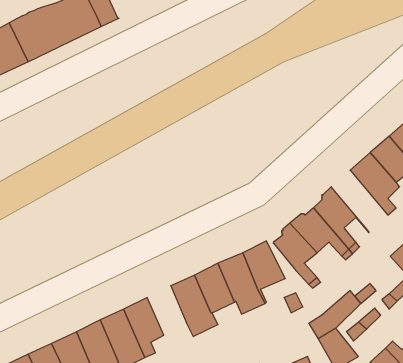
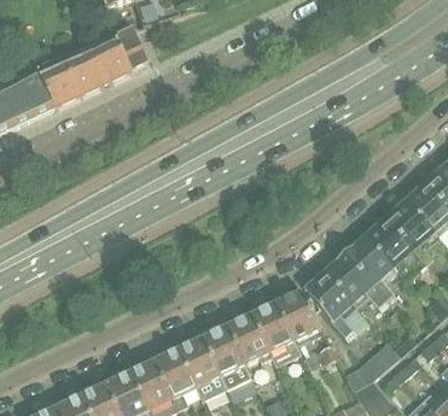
building: none -> [367,218,425,281]
building: none -> [179,336,226,394]

